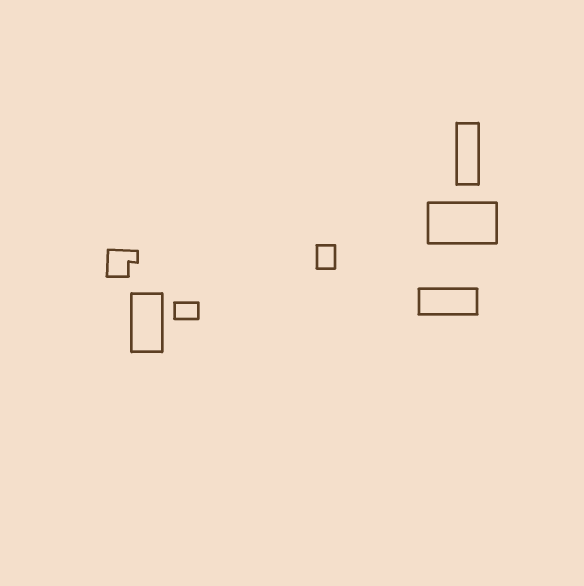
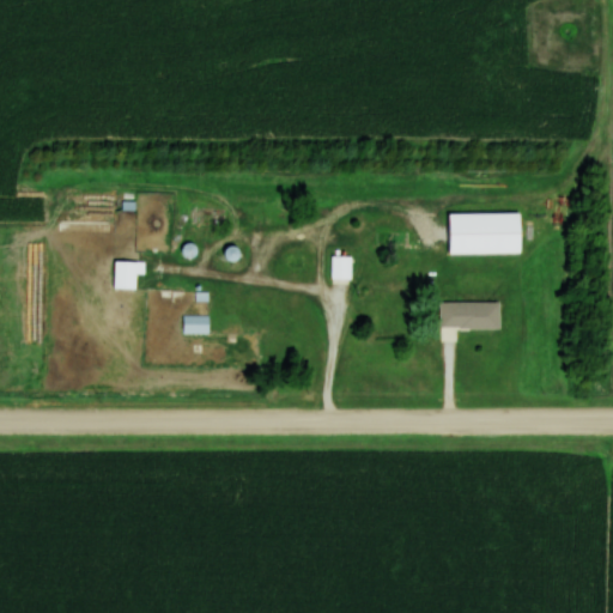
building: [457,123,478,185] -> none
building: [132,293,162,352] -> none

